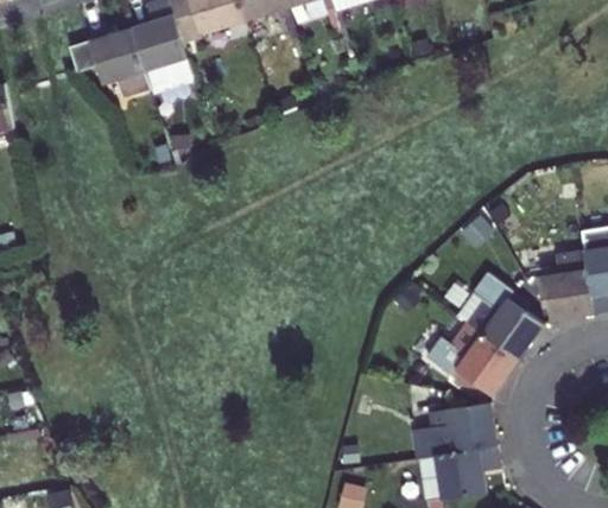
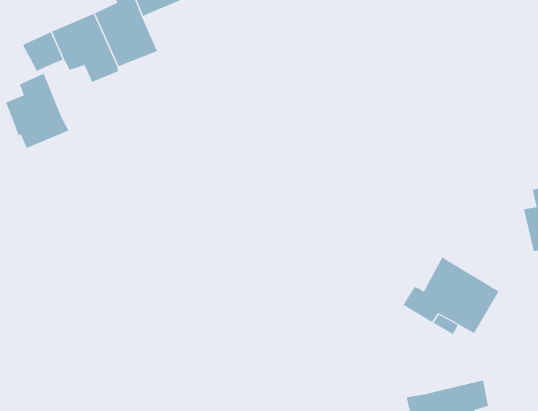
building: none -> [6,73,69,149]
building: [461,266,546,351] -> none
building: [411,402,495,449] -> none

